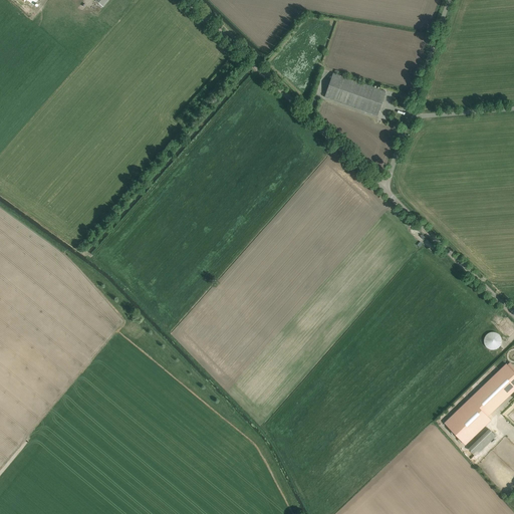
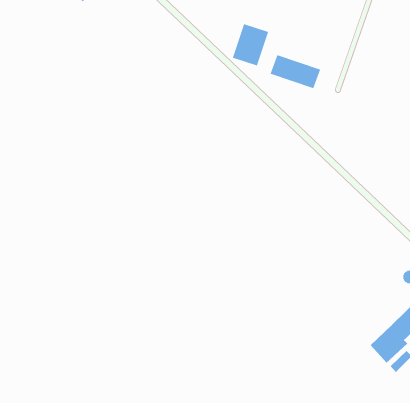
building: none -> [232,23,269,66]

